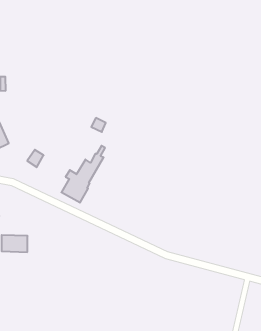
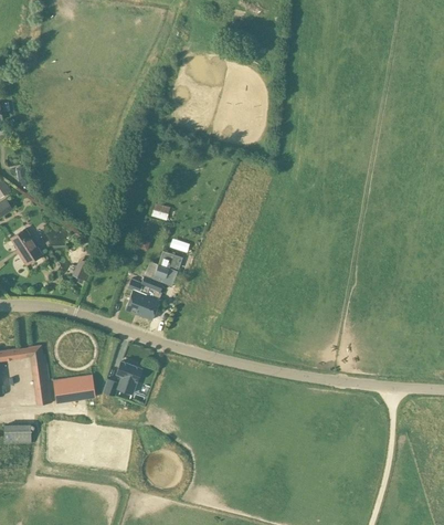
building: none -> [103,361,141,396]

